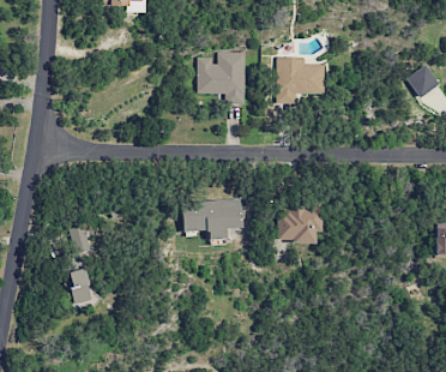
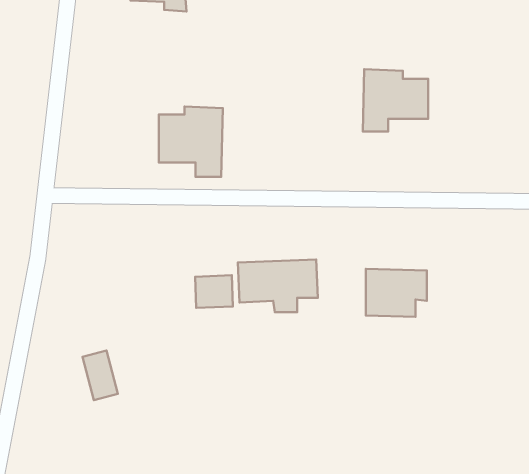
building: [198,52,246,104] -> [159,107,223,177]
building: none -> [195,275,233,308]

